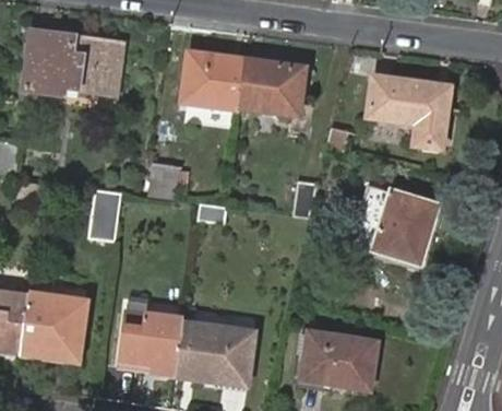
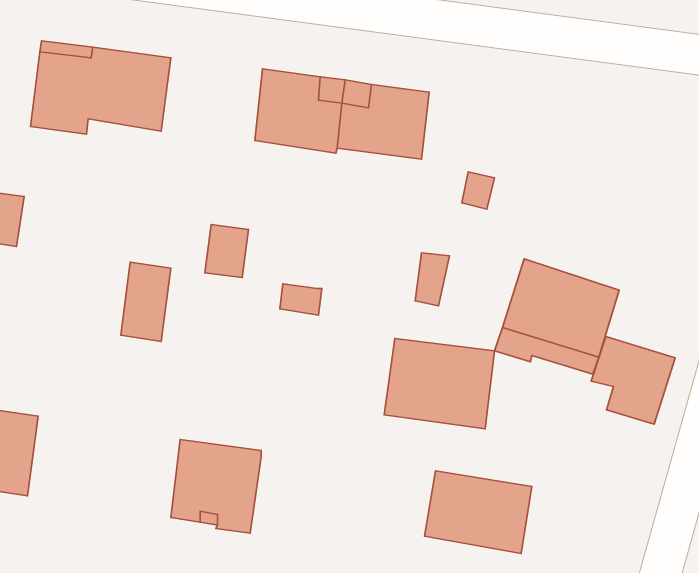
building: [366,78,451,151] -> none
building: none -> [591,337,675,424]
building: [23,294,86,359] -> none
building: [179,322,256,386] -> [384,338,495,429]

